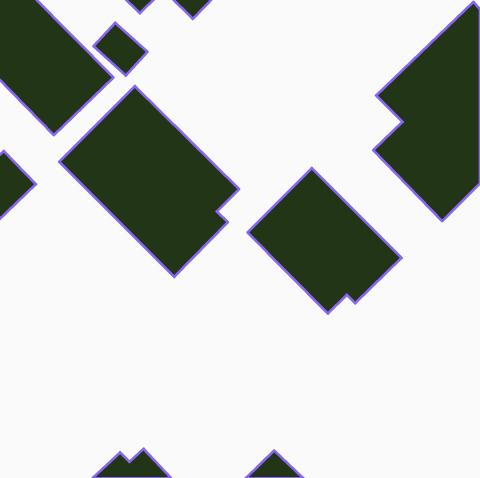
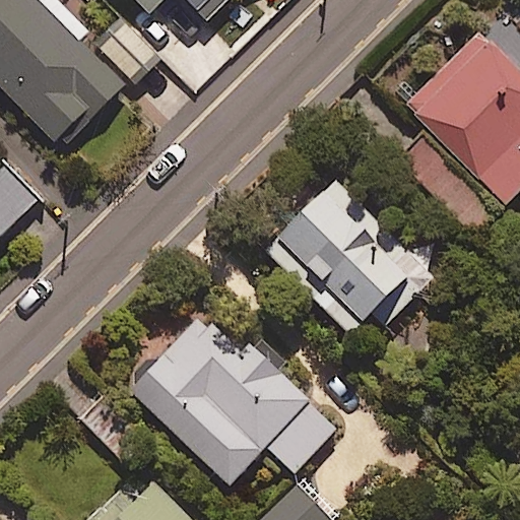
building: [59,86,239,277] -> none
building: none -> [130,310,337,485]

